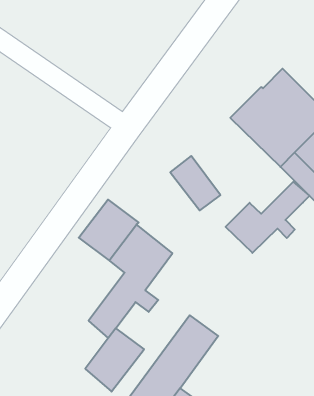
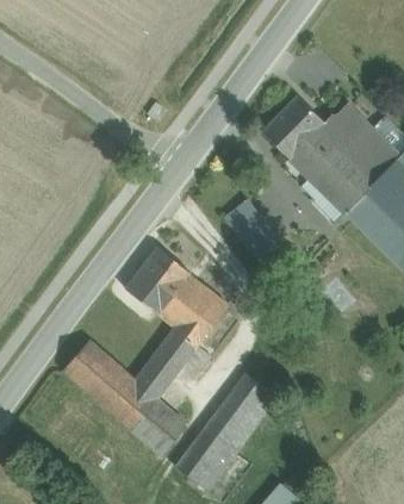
building: none -> [261,95,323,157]
building: [226,182,309,253] -> none
building: none -> [62,340,156,431]

